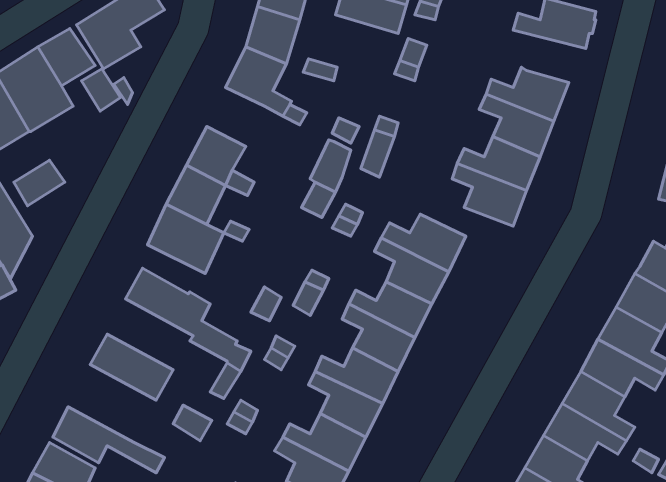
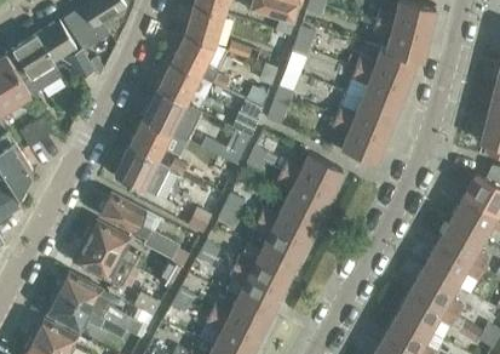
building: none -> [373,23,427,62]
building: none -> [156,64,197,107]
building: none -> [85,221,137,267]
building: none -> [57,273,144,337]

